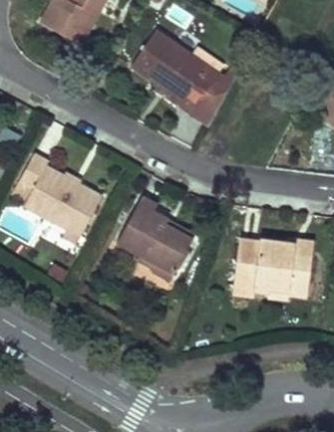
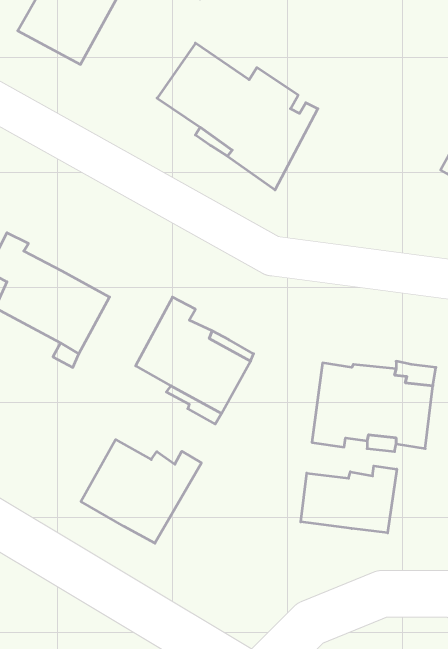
building: none -> [81,440,201,543]
building: none -> [301,466,397,533]

